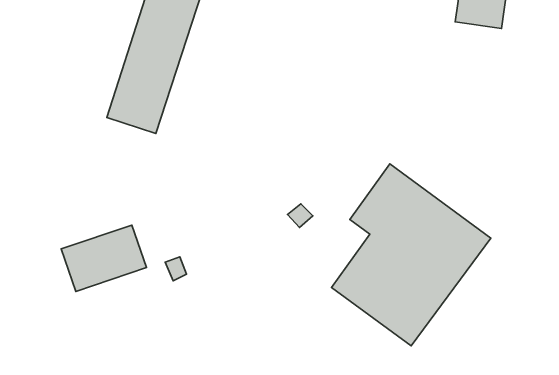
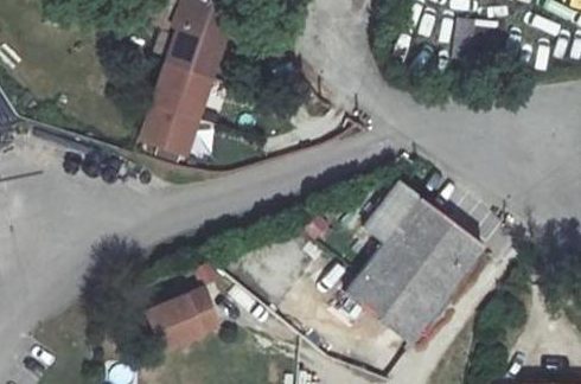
building: [61,225,146,291] -> [142,288,218,347]

